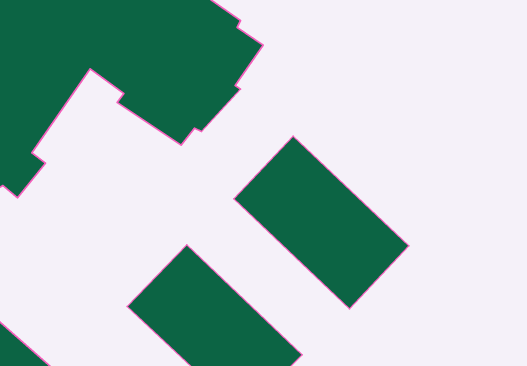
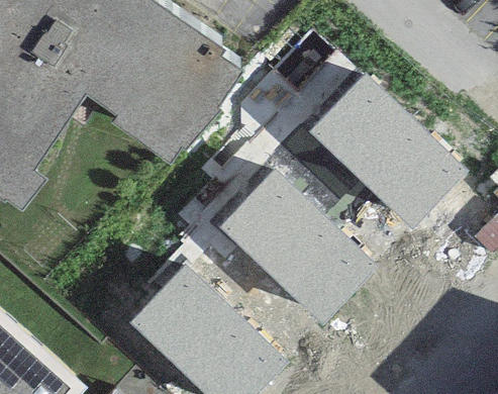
building: none -> [306,71,465,226]

